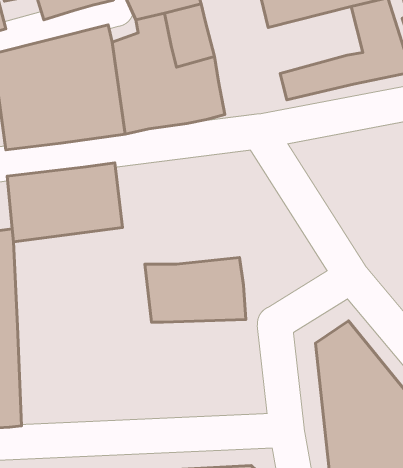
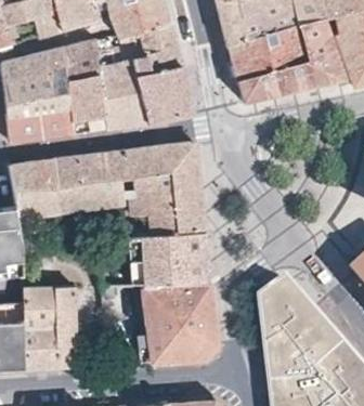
building: none -> [228,23,306,78]
building: none -> [101,140,204,235]
building: none -> [141,280,217,362]
building: none -> [21,285,77,368]

